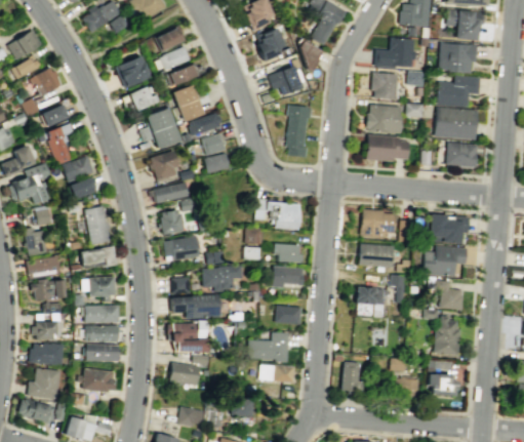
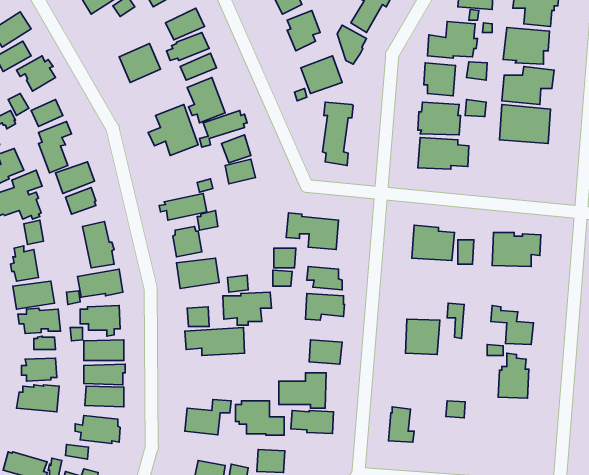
building: [128,86,159,112] -> none
building: [446,143,478,167] -> none
building: [147,150,179,180] -> none
building: [359,243,394,267] -> none
building: [424,245,468,278] -> none
building: [168,323,209,352] -> [235,401,284,435]
building: [428,360,458,396] -> none
building: [27,367,61,399] -> none
building: [395,376,419,399] -> none

